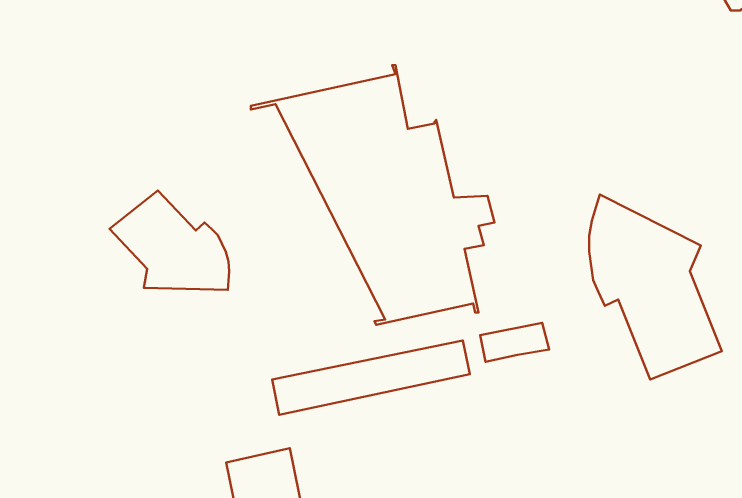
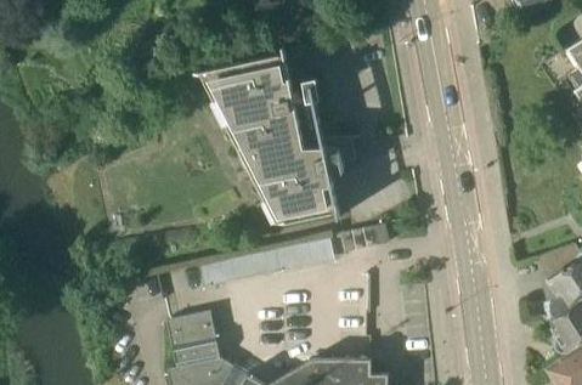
building: [109,190,229,290] -> none
building: [589,194,722,379] -> none

